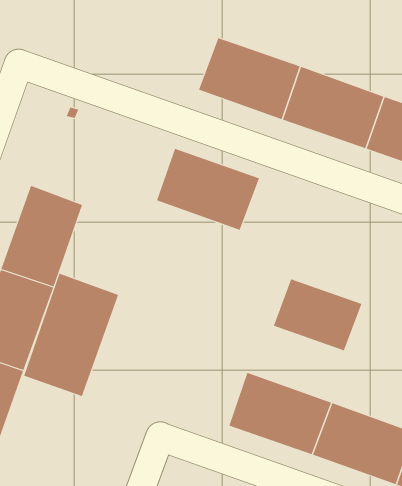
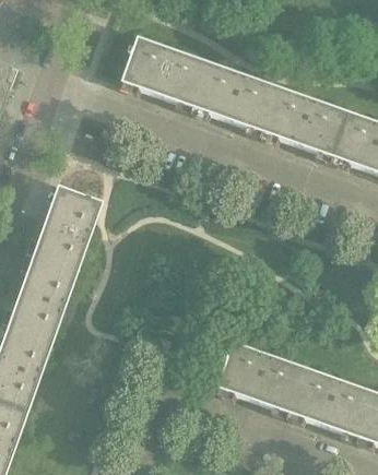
building: [156,148,260,230] -> [128,37,214,106]
building: [23,273,119,397] -> none
building: [273,278,362,351] -> none

